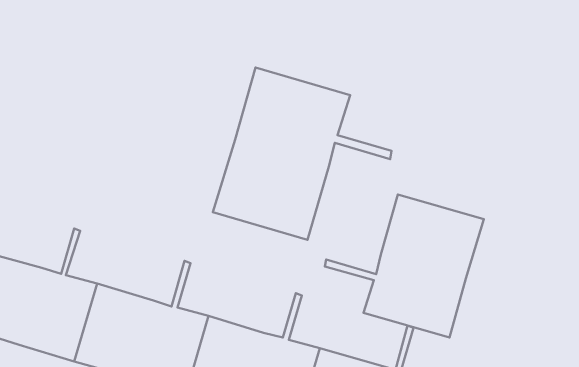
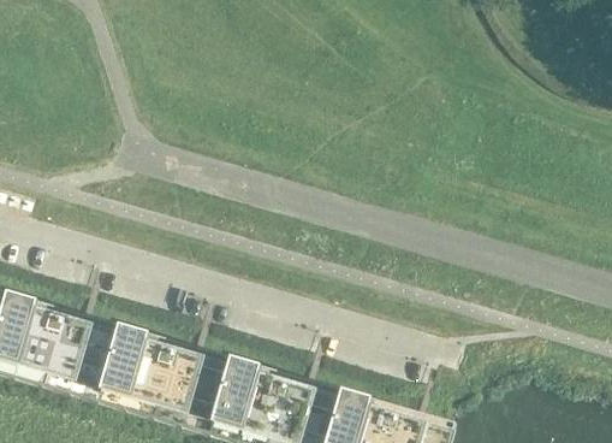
building: [213,68,392,240] -> none
building: [325,195,484,338] -> none

